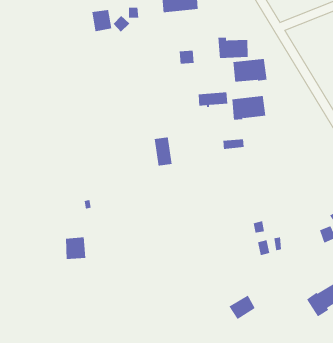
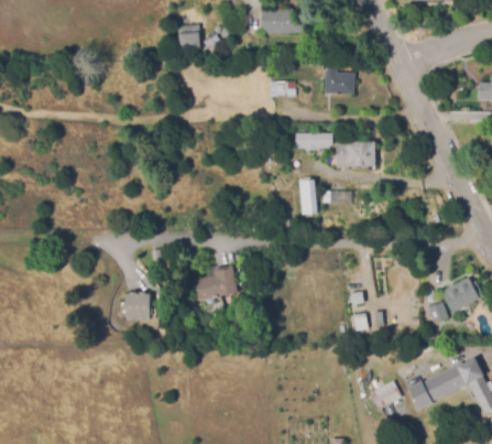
building: [233,58,267,82] -> none
building: [154,137,172,166] -> [297,180,317,214]
building: none -> [192,266,238,301]
building: [229,295,256,320] -> [369,380,401,409]

